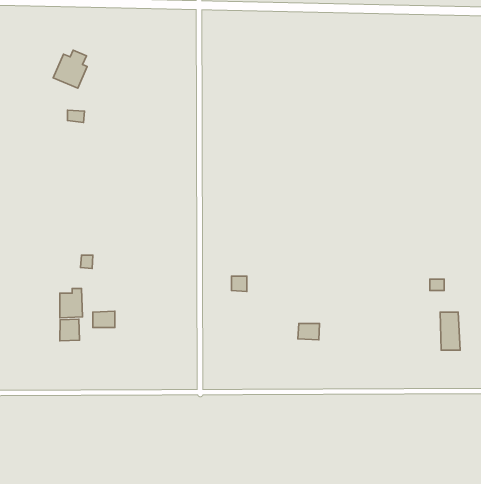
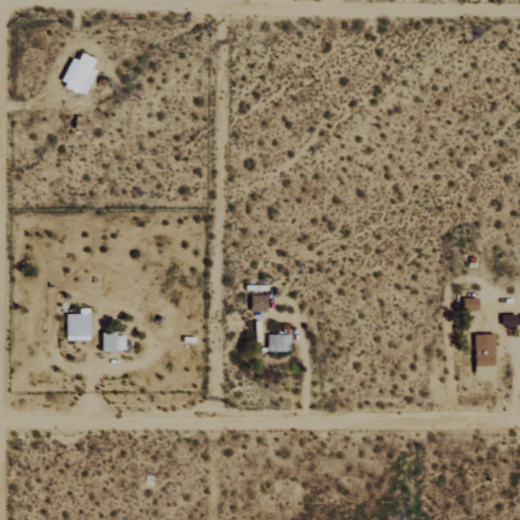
building: [60,319,80,341] -> none
building: [298,324,320,340] -> [269,334,292,351]

